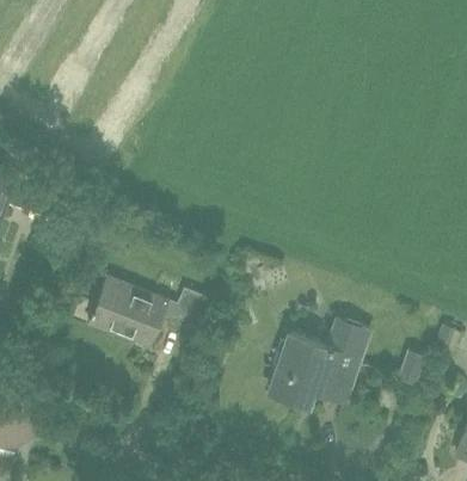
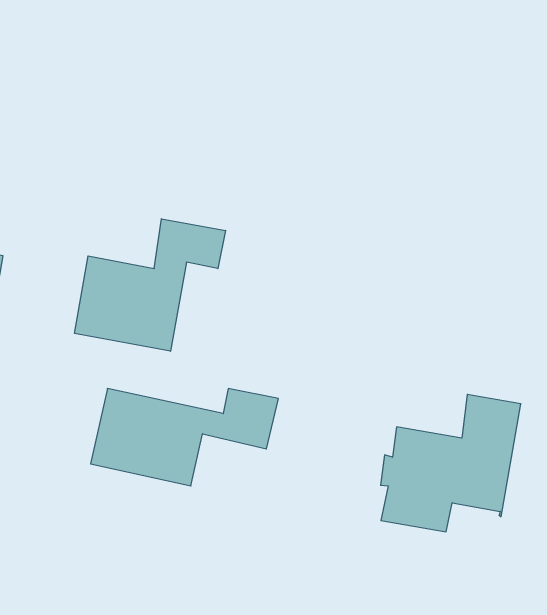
building: none -> [75,219,226,351]

